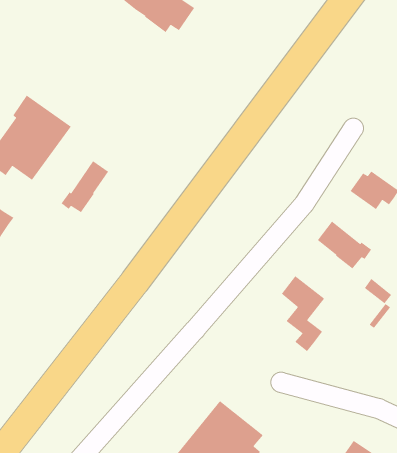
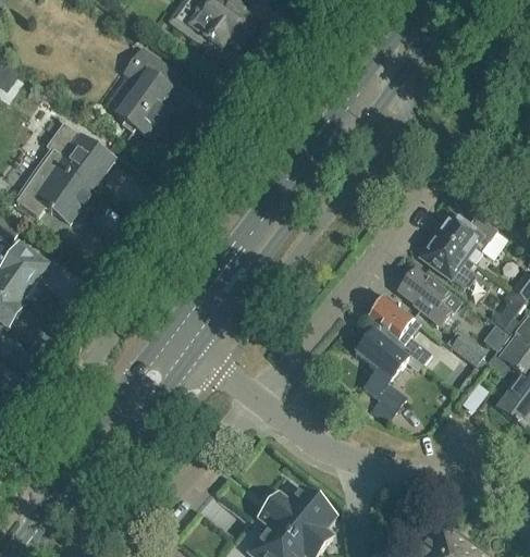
building: none -> [114,45,183,139]
building: [61,160,109,213] -> none
building: none -> [420,234,476,287]
building: none -> [367,296,427,366]

